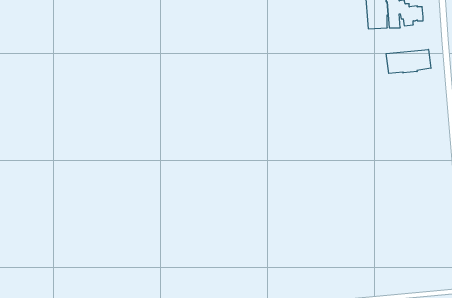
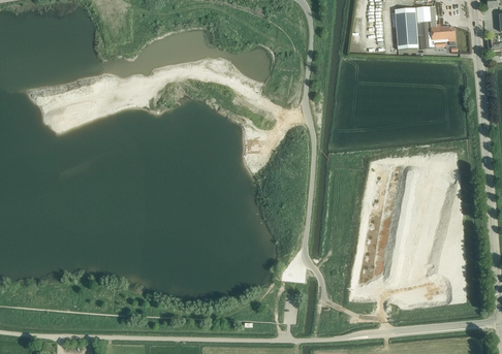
building: [386,49,431,73] -> none

